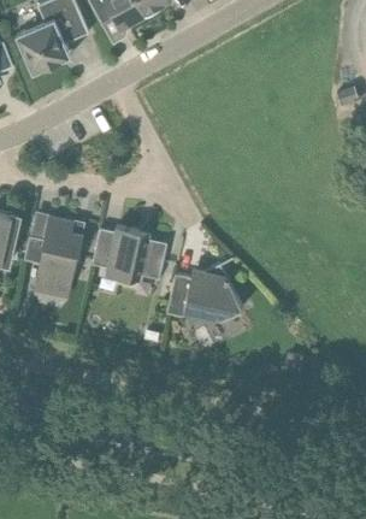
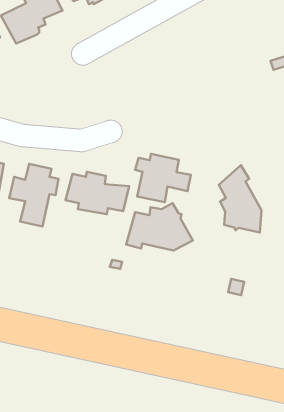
building: none -> [135,154,191,202]
building: none -> [219,165,261,233]

